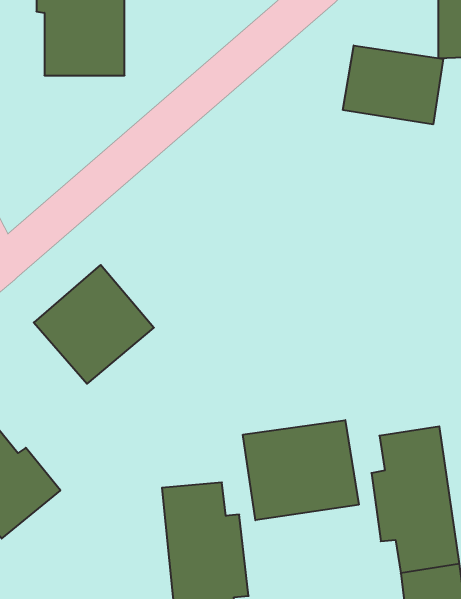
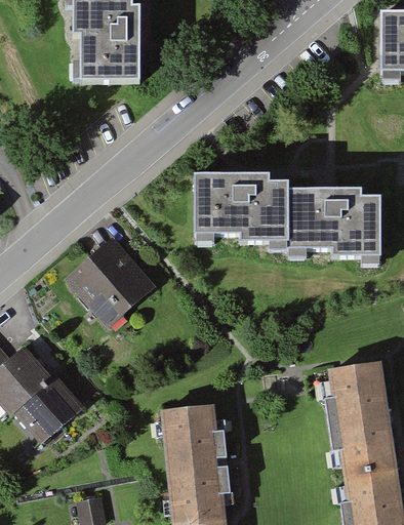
building: [343,45,443,124] -> none
building: none -> [189,178,375,260]
building: [243,420,359,520] -> none

